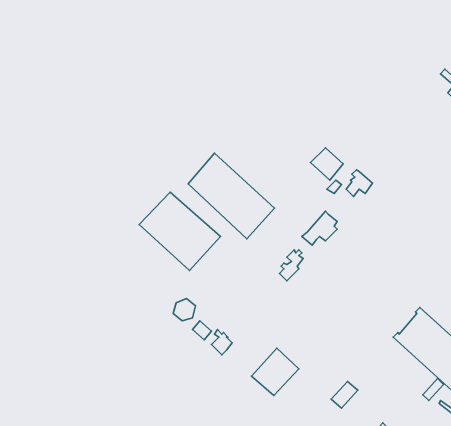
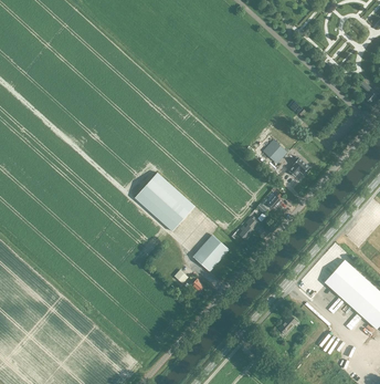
building: [188,153,275,239] -> none
building: [252,348,299,395] -> [193,236,229,271]

